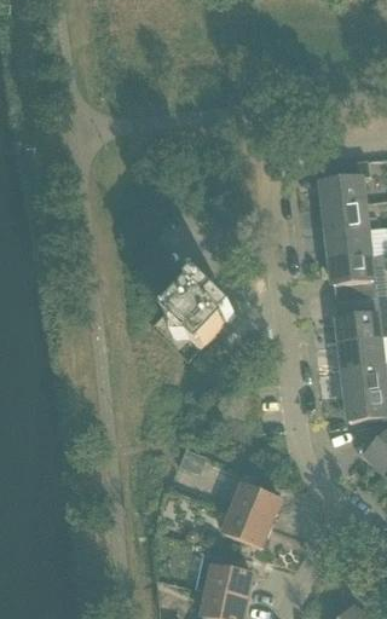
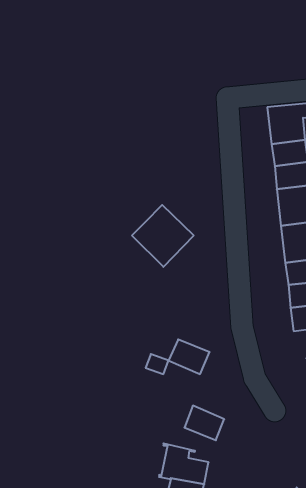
building: [233,486,281,526] -> [169,339,210,374]

